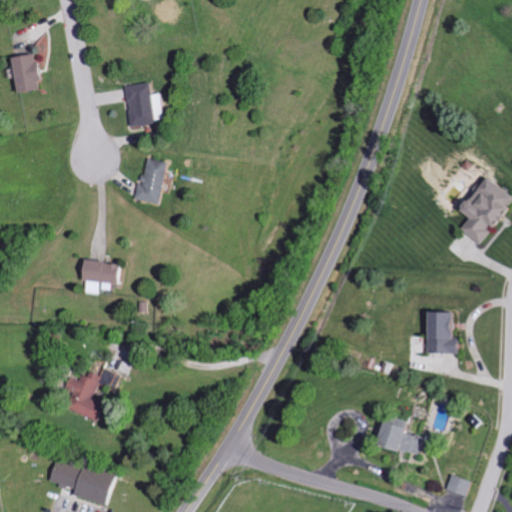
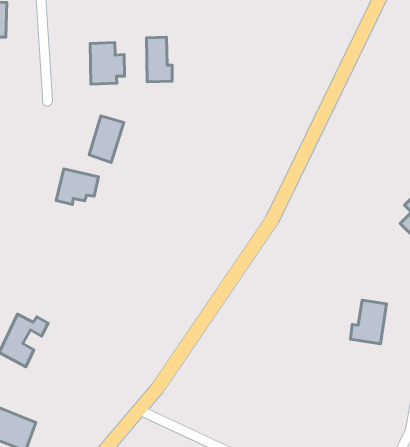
building: none -> [147,37,172,82]
building: [81,259,121,294] -> [56,169,99,204]
building: [378,420,421,455] -> none

